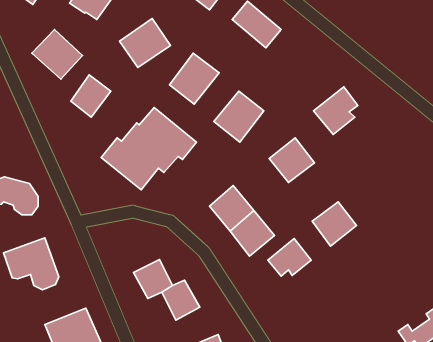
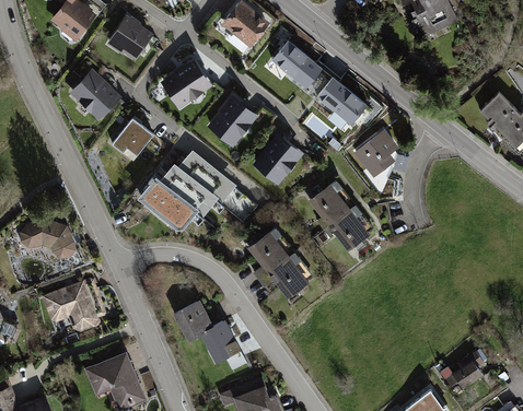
building: none -> [316,78,367,125]
building: [312,202,357,246] -> [329,204,374,249]
building: [268,238,311,276] -> none

